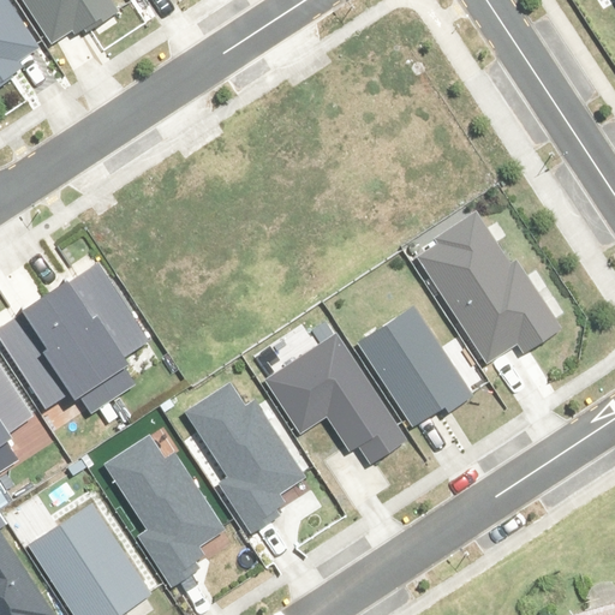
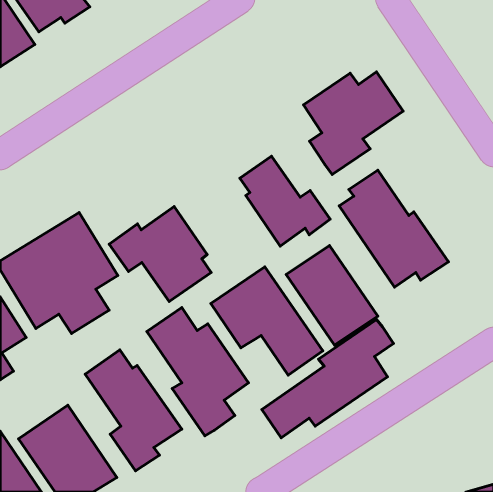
building: none -> [303,72,403,174]
building: none -> [240,156,330,246]
building: none -> [109,206,211,301]
building: none -> [262,320,393,438]

